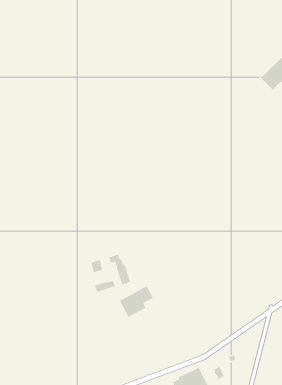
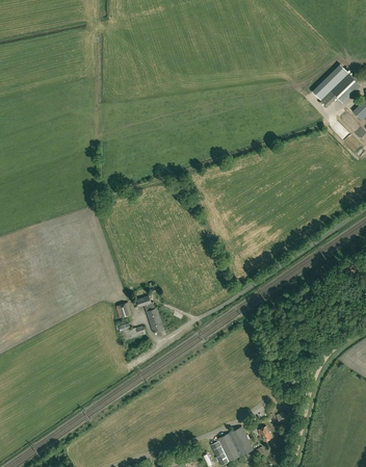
building: [119,286,153,318] -> none

